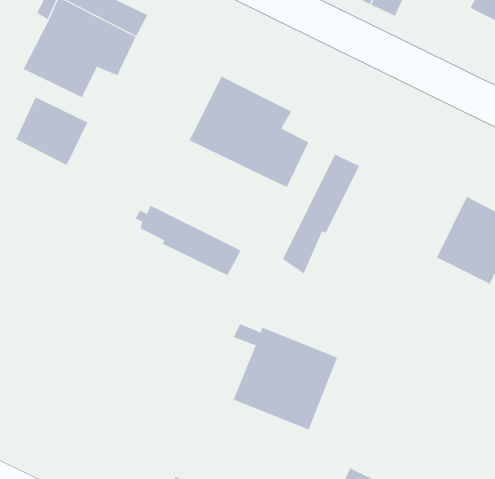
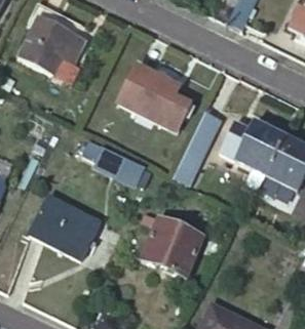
building: [15,96,88,166] -> none
building: none -> [219,122,284,173]
building: none -> [34,196,105,261]

